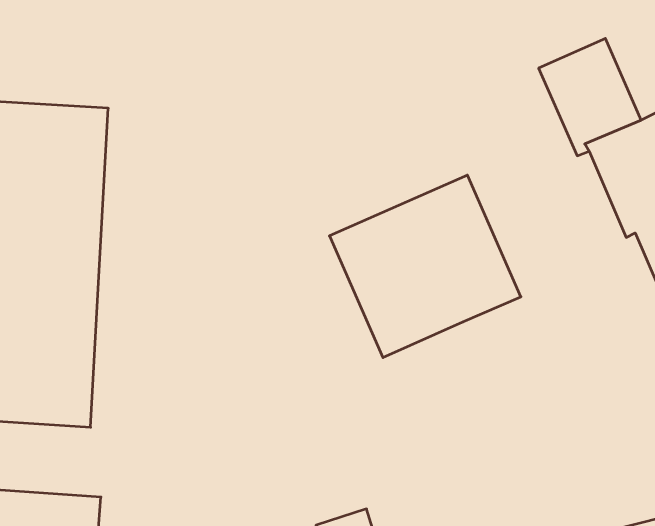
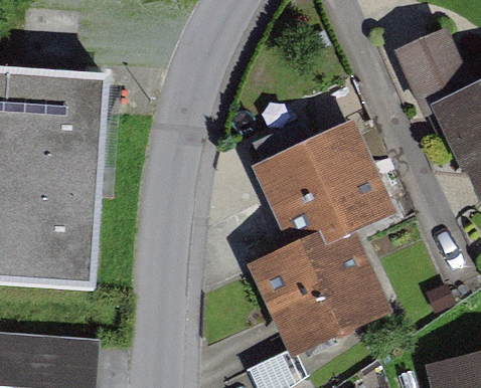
building: none -> [254,221,386,349]

